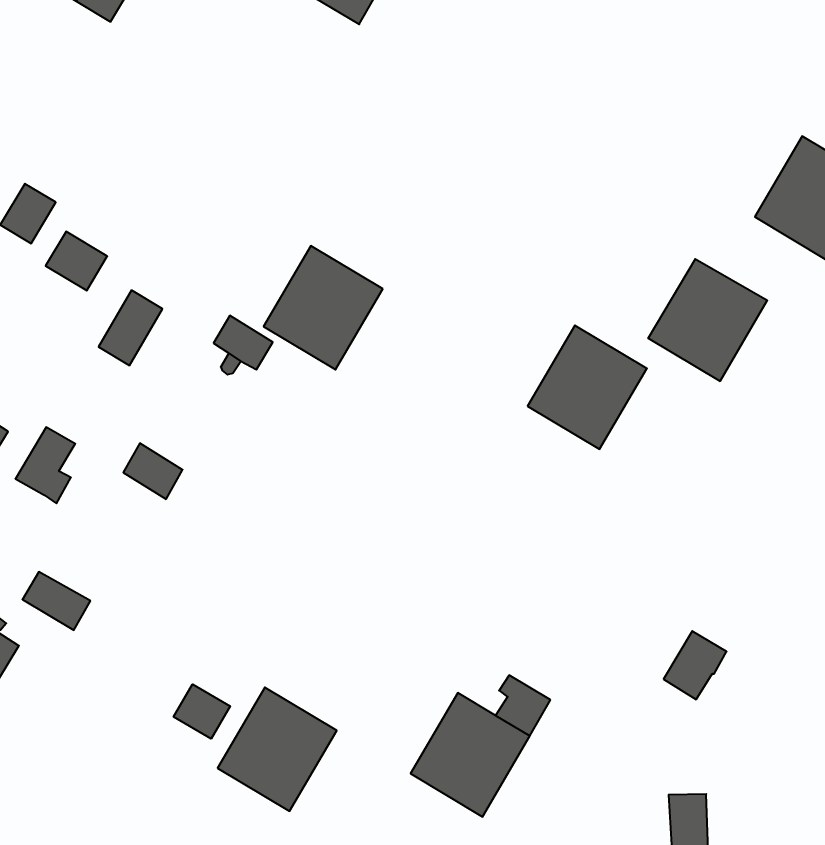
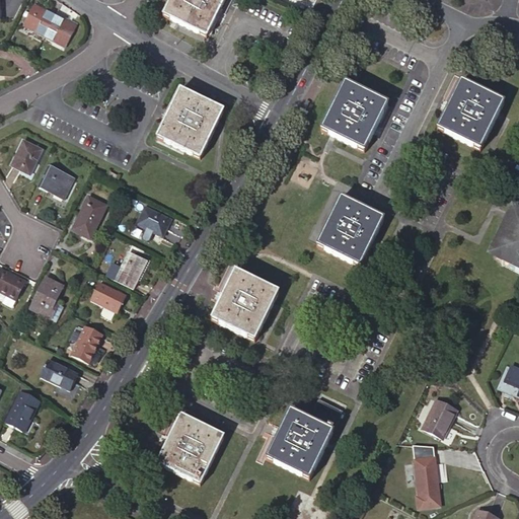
building: [264,246,383,370] -> [157,86,223,155]
building: [648,259,767,381] -> [321,80,387,148]
building: none -> [106,249,147,286]
building: none -> [212,269,278,338]
building: none -> [71,324,101,361]
building: [664,631,727,699] -> [422,397,456,436]
building: [174,684,230,739] -> none

